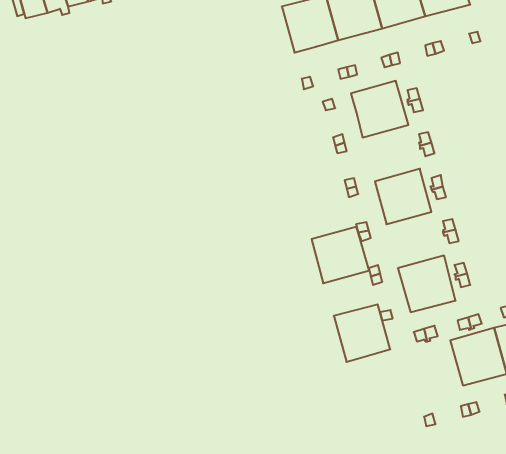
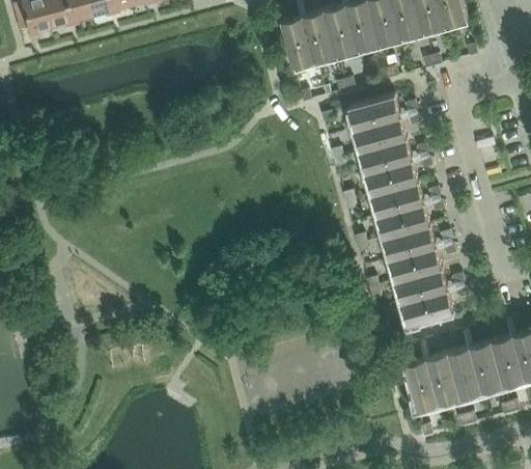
building: none -> [360,141,417,197]
building: [312,227,369,283] -> [384,227,441,283]
building: [334,304,390,362] -> [403,355,459,412]

